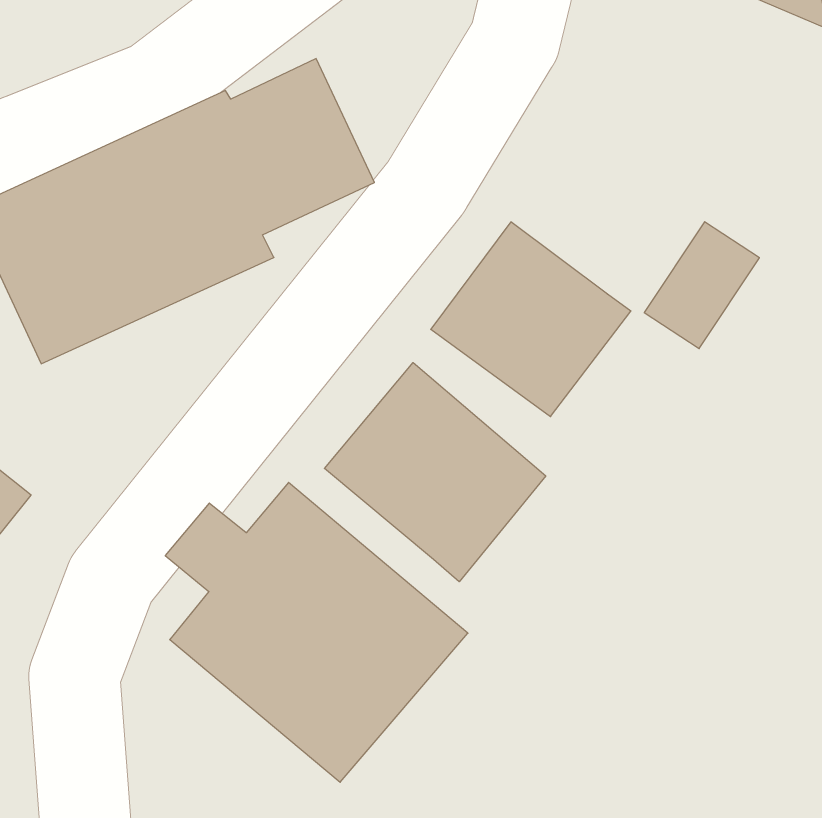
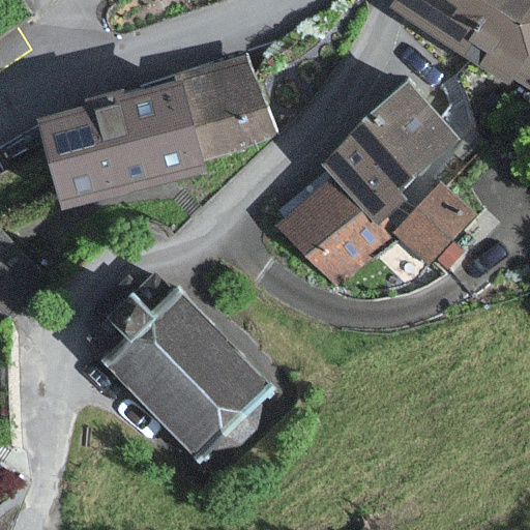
building: none -> [327,84,457,218]
building: [324,363,546,582] -> none

